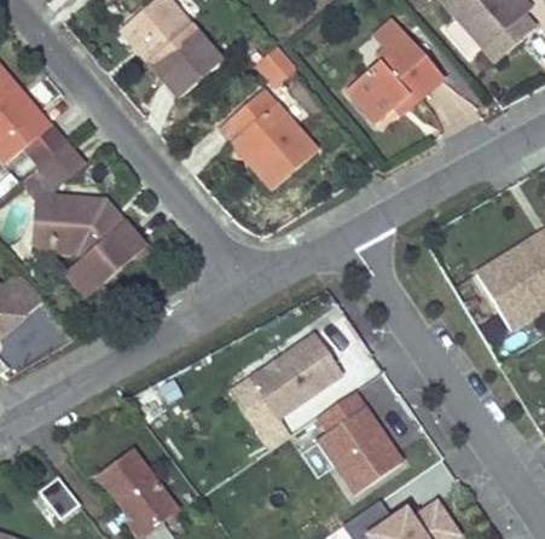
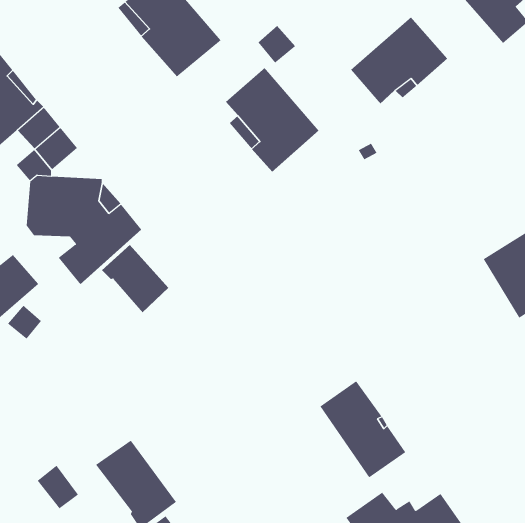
building: none -> [101,244,169,313]
building: [248,334,343,419] -> none

